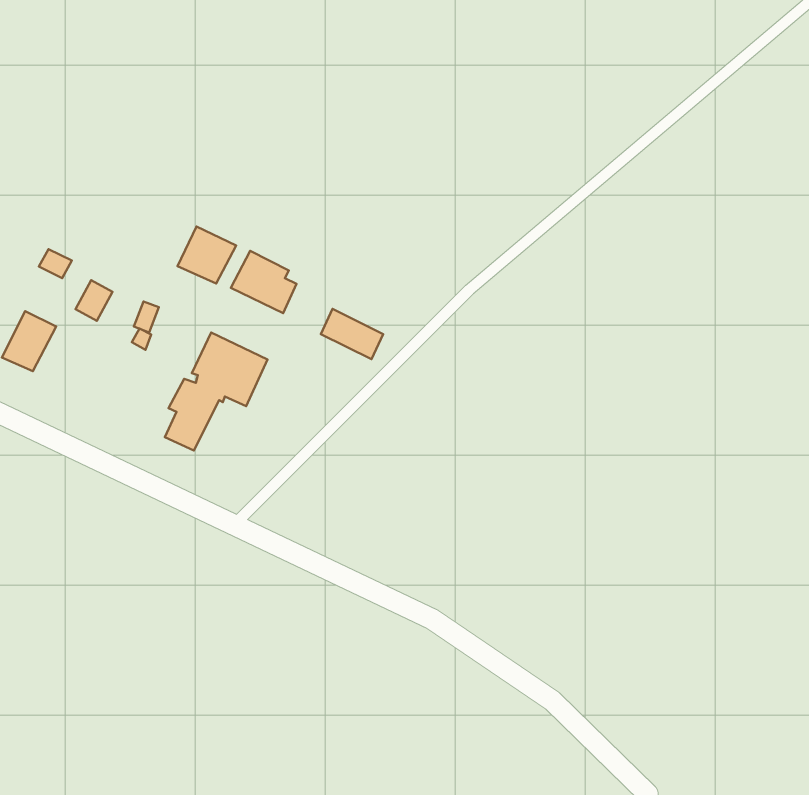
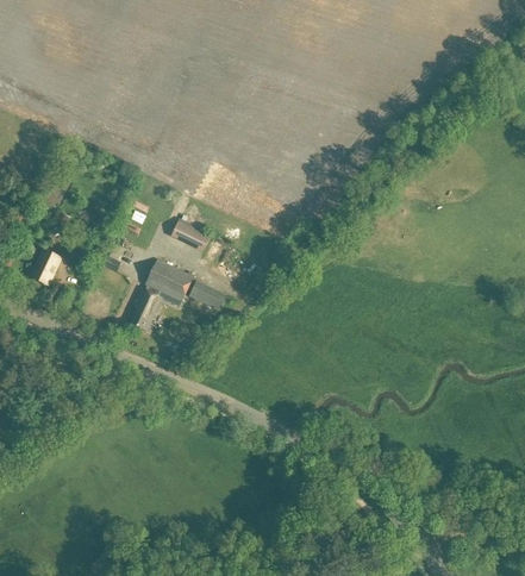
building: [177,226,236,284] -> none
building: [321,309,383,359] -> [187,280,225,311]

